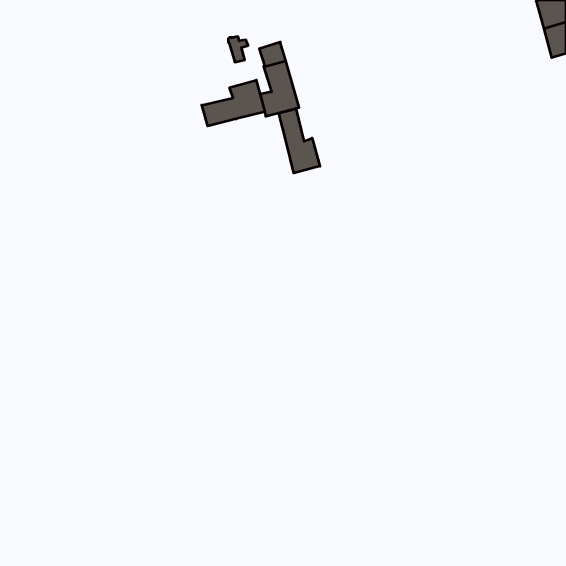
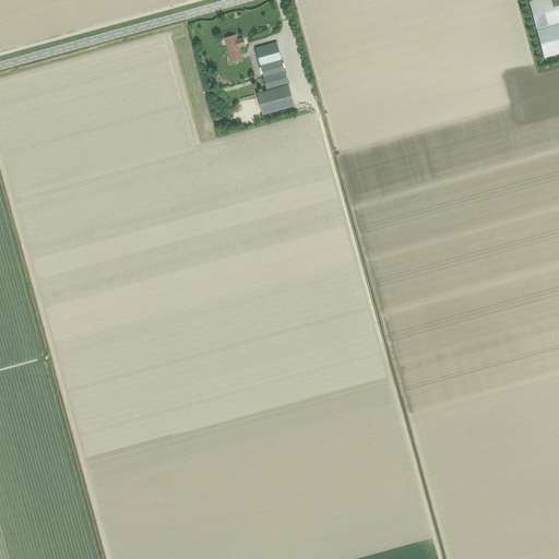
building: [202,80,265,126] -> none
building: [279,108,320,173] -> none

